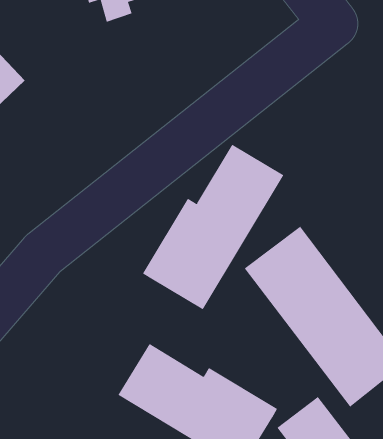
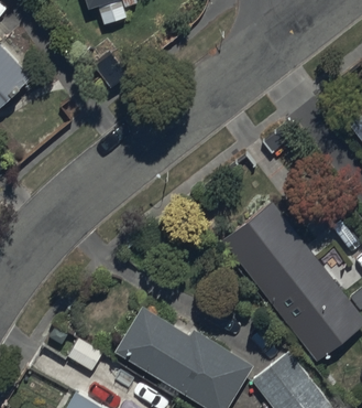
building: [142,144,284,310] -> none

